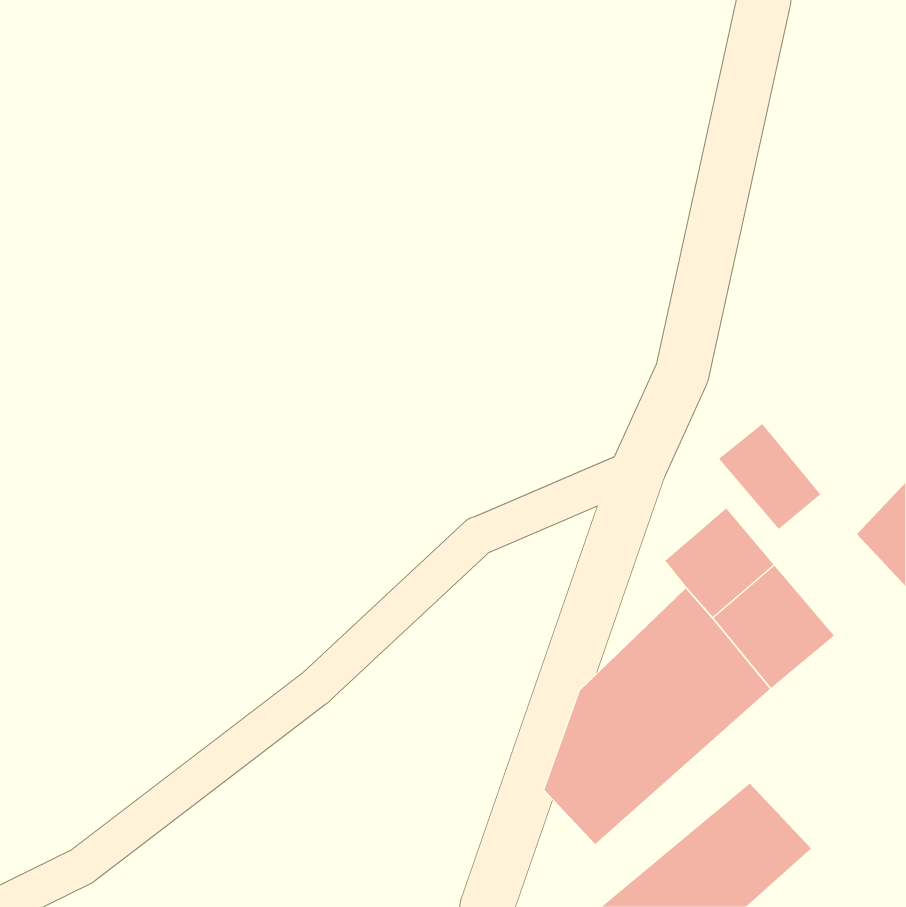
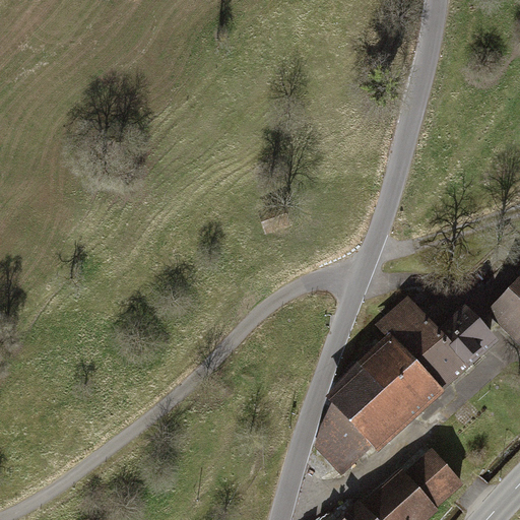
building: [718,423,821,530] -> [443,303,502,364]

